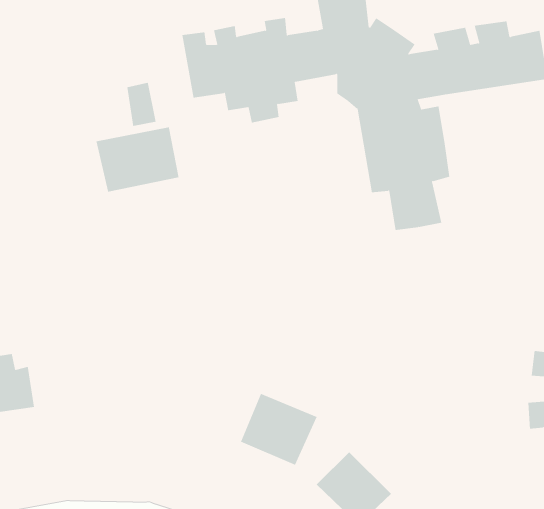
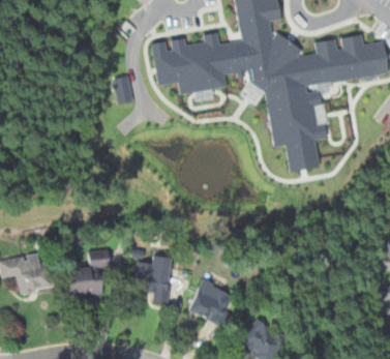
building: [96,126,179,193] -> none
building: none -> [67,250,110,295]
building: none -> [138,257,171,300]

